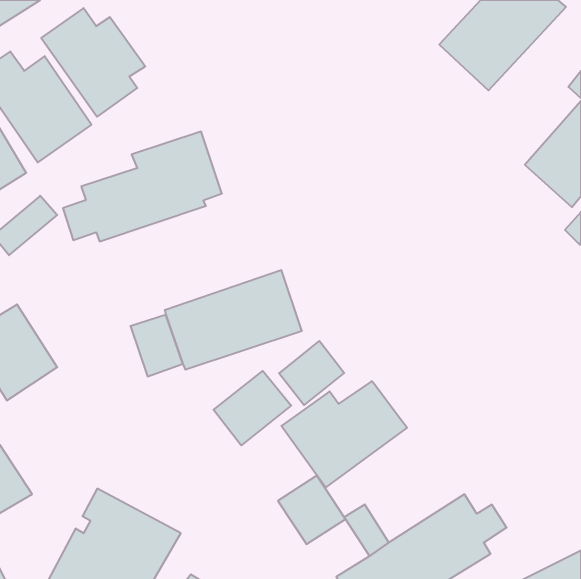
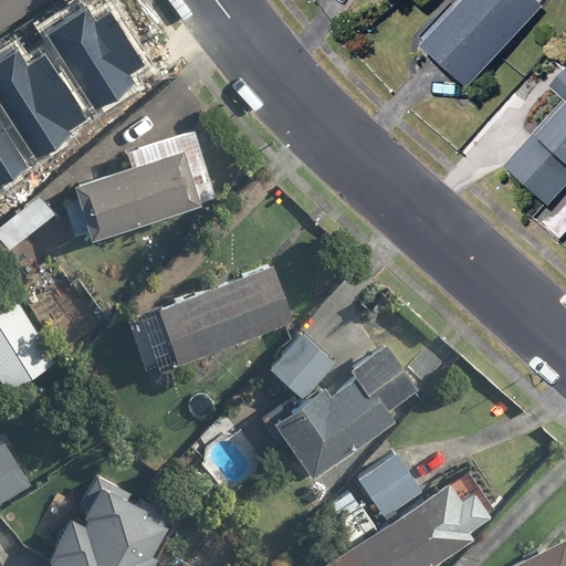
building: none -> [355,345,416,409]
building: [213,371,291,445] -> none
building: [278,476,345,544] -> [356,452,421,518]

